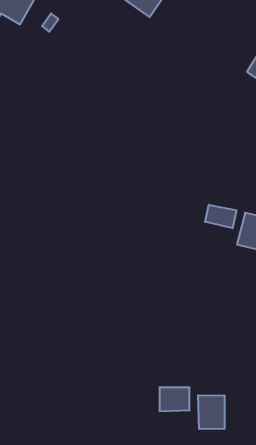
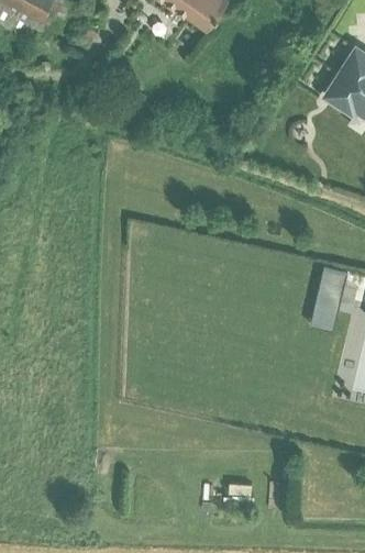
building: [205,205,237,228] -> none
building: [198,395,224,429] -> none

